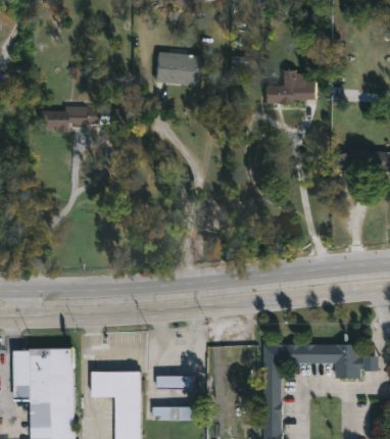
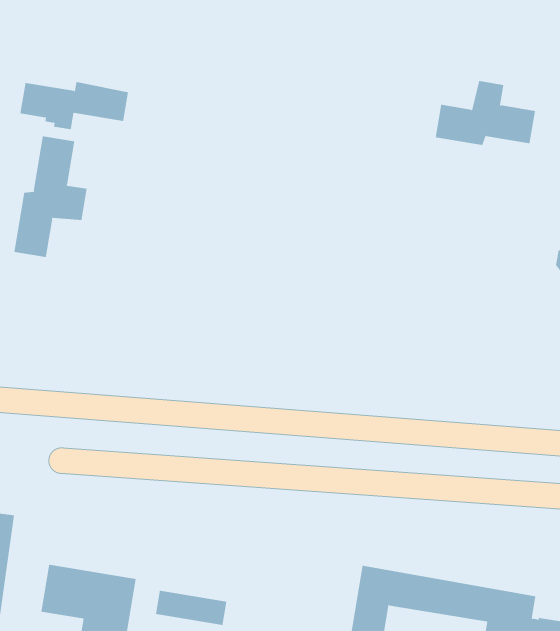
building: [153,53,202,88] -> none
building: none -> [14,136,87,258]

